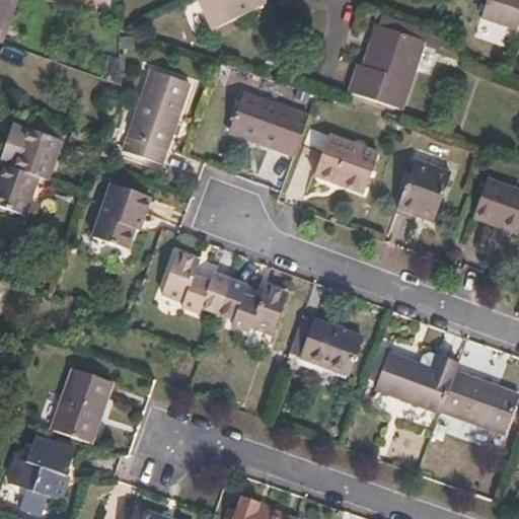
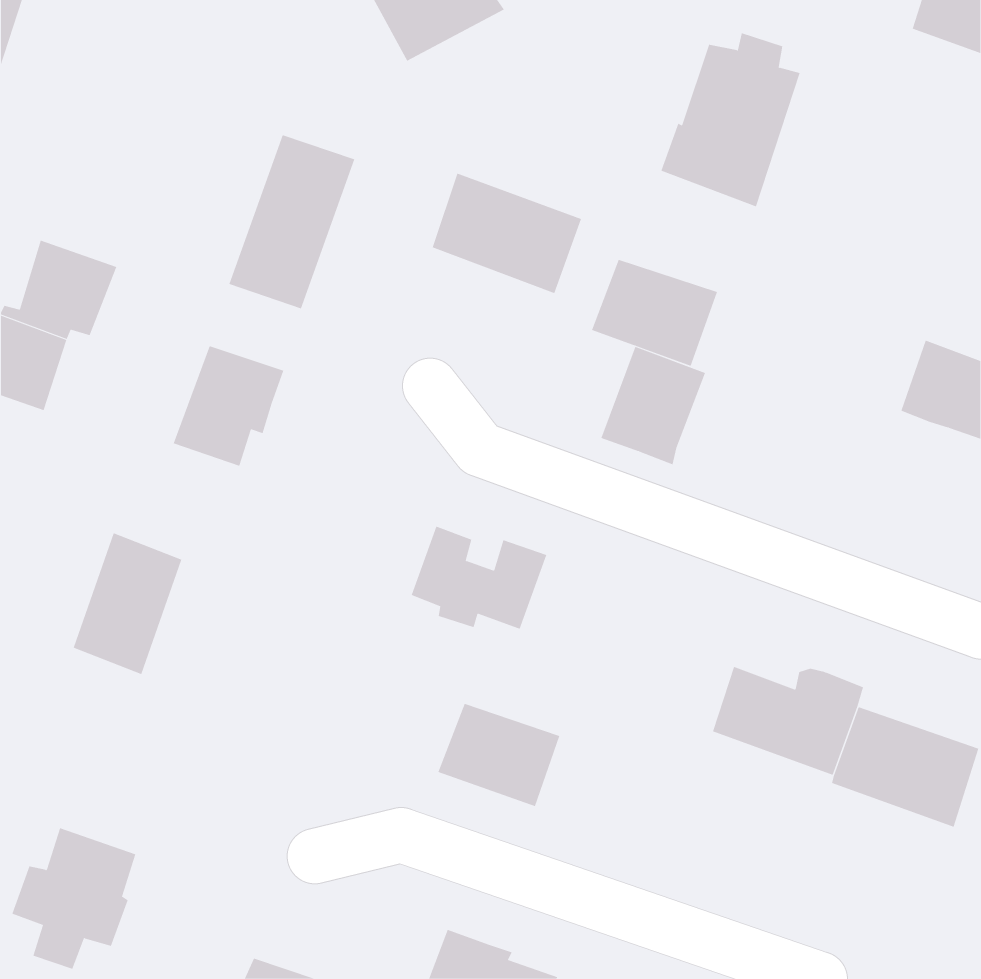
building: [395,161,451,224] -> [600,346,706,465]
building: [161,252,230,314] -> none
building: [299,318,364,373] -> [437,703,560,807]
building: [52,366,109,441] -> [73,533,182,675]

